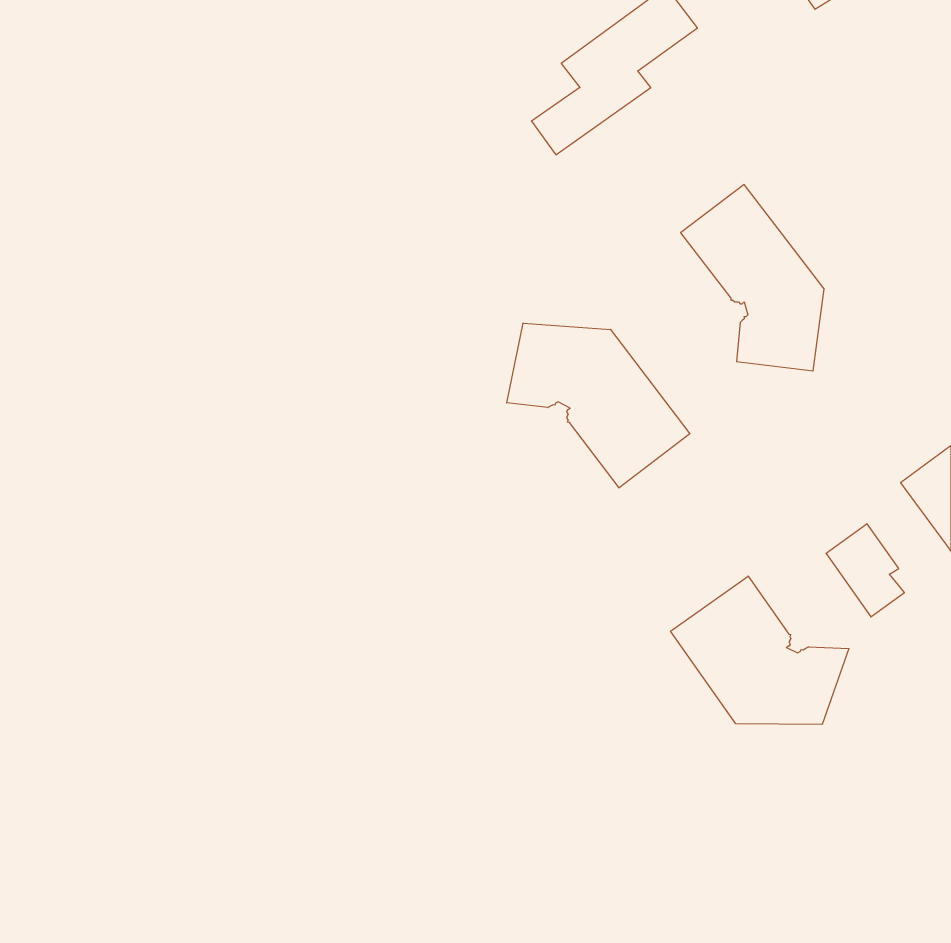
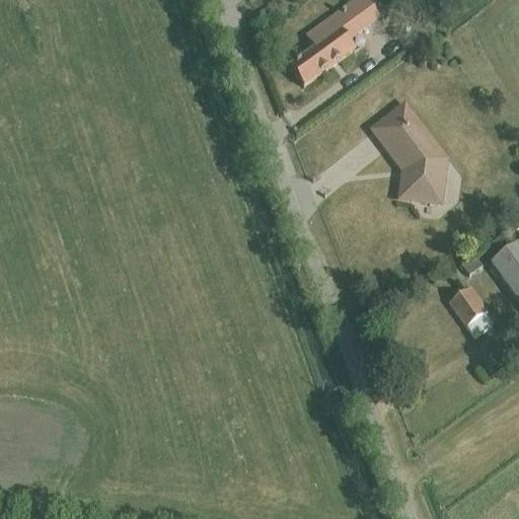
building: [507,323,690,488] -> none
building: [671,576,849,724] -> none

